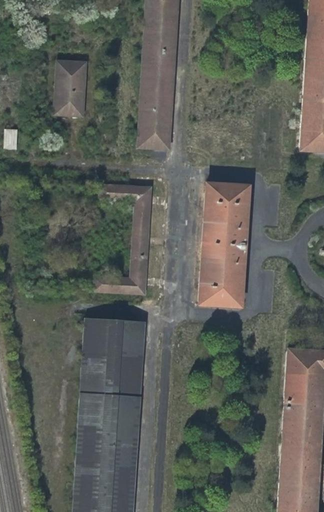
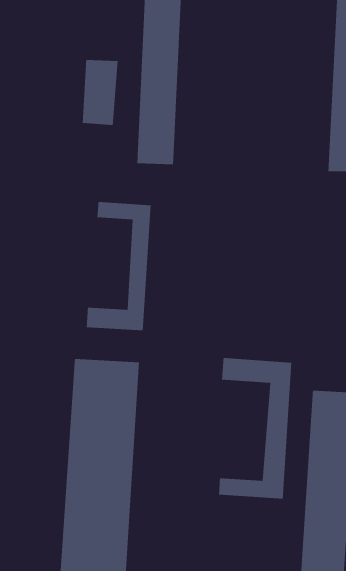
building: [57,62,88,119] -> [82,59,118,126]
building: [199,180,250,307] -> none
building: none -> [218,357,292,499]

